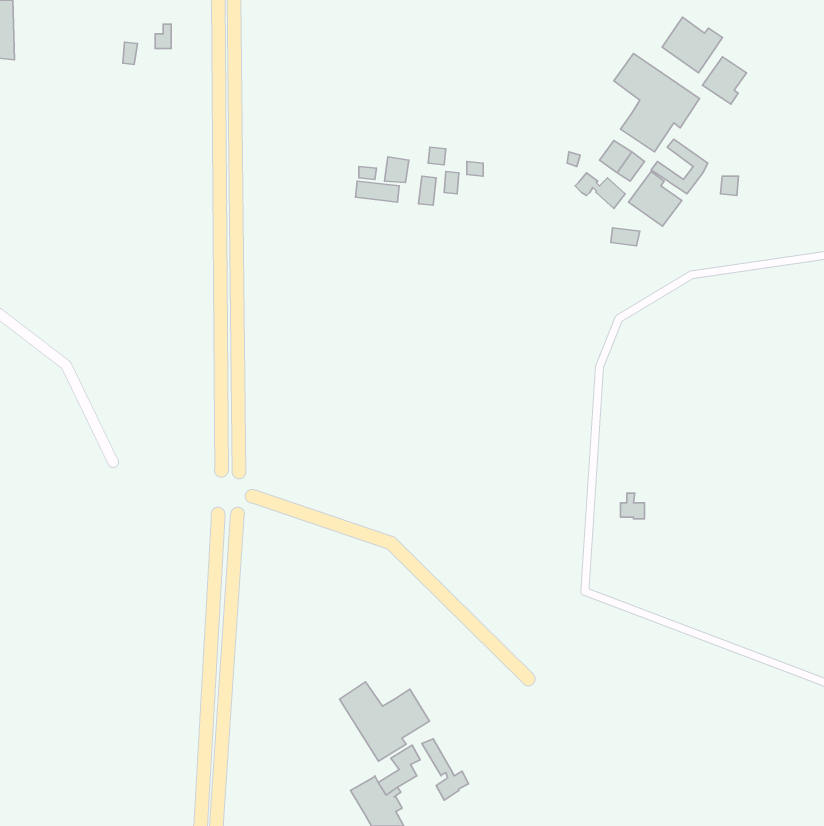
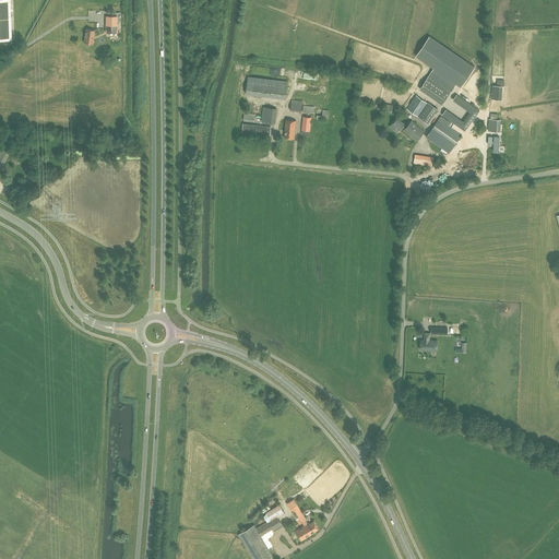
building: [662,17,723,73] -> none
building: [703,57,747,104] -> none
building: none -> [245,76,287,98]
building: [339,682,429,761] -> none

